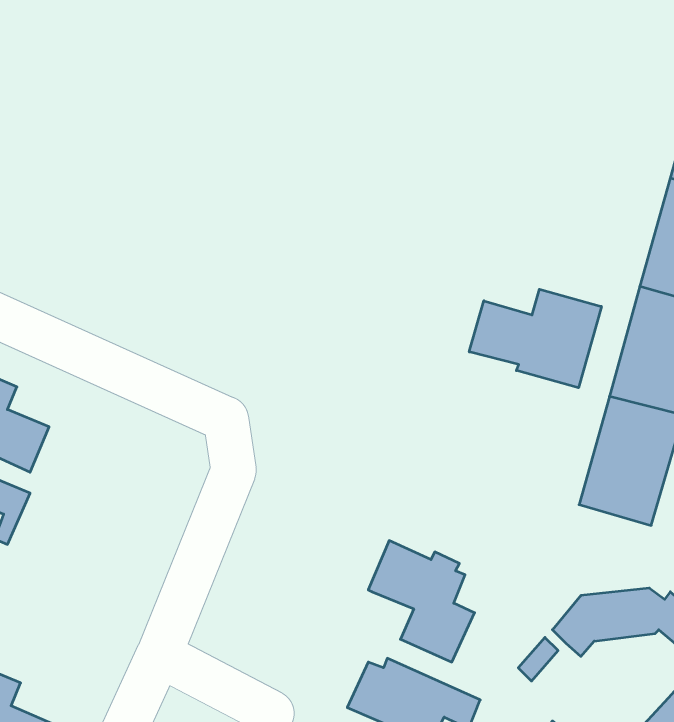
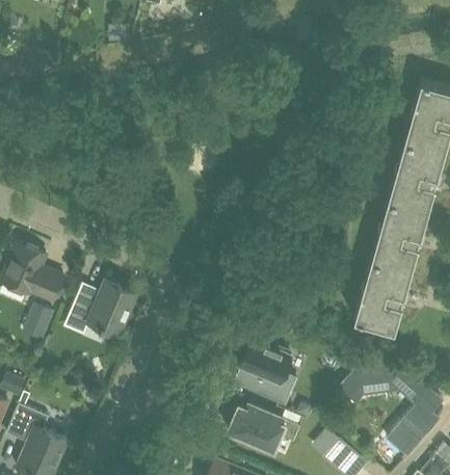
building: [469,289,601,388] -> none
building: none -> [64,280,136,336]

